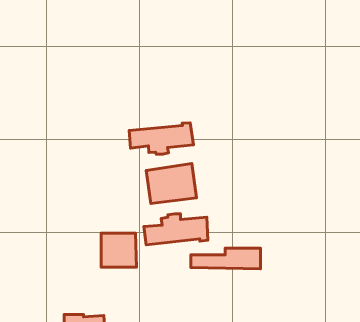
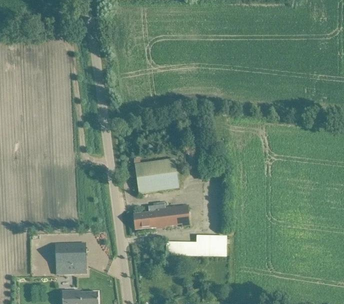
building: [129,123,193,154] -> none
building: [101,233,137,267] -> [56,243,87,273]

